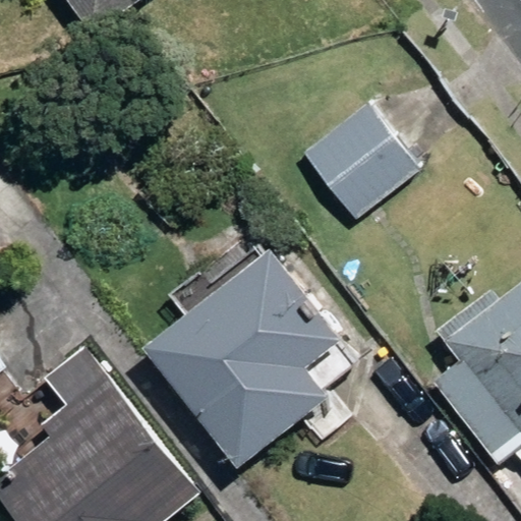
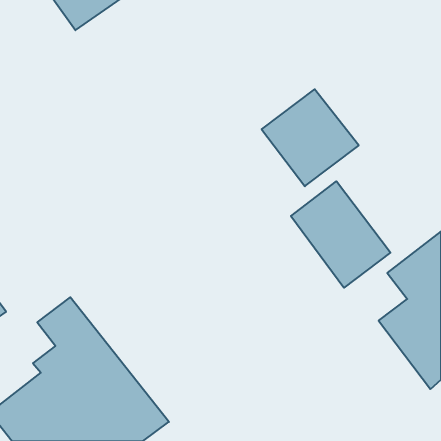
building: none -> [291,181,390,288]
building: [144,254,338,463] -> none

